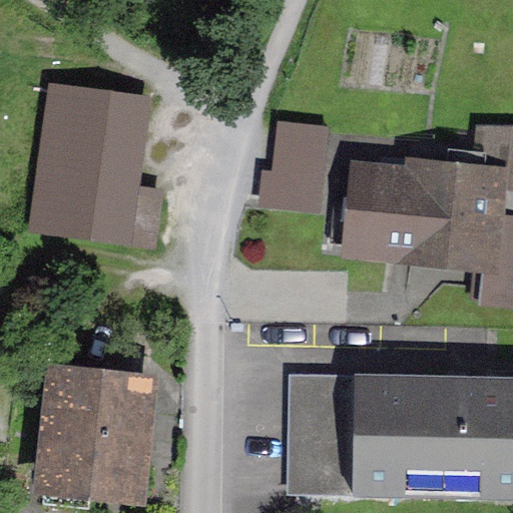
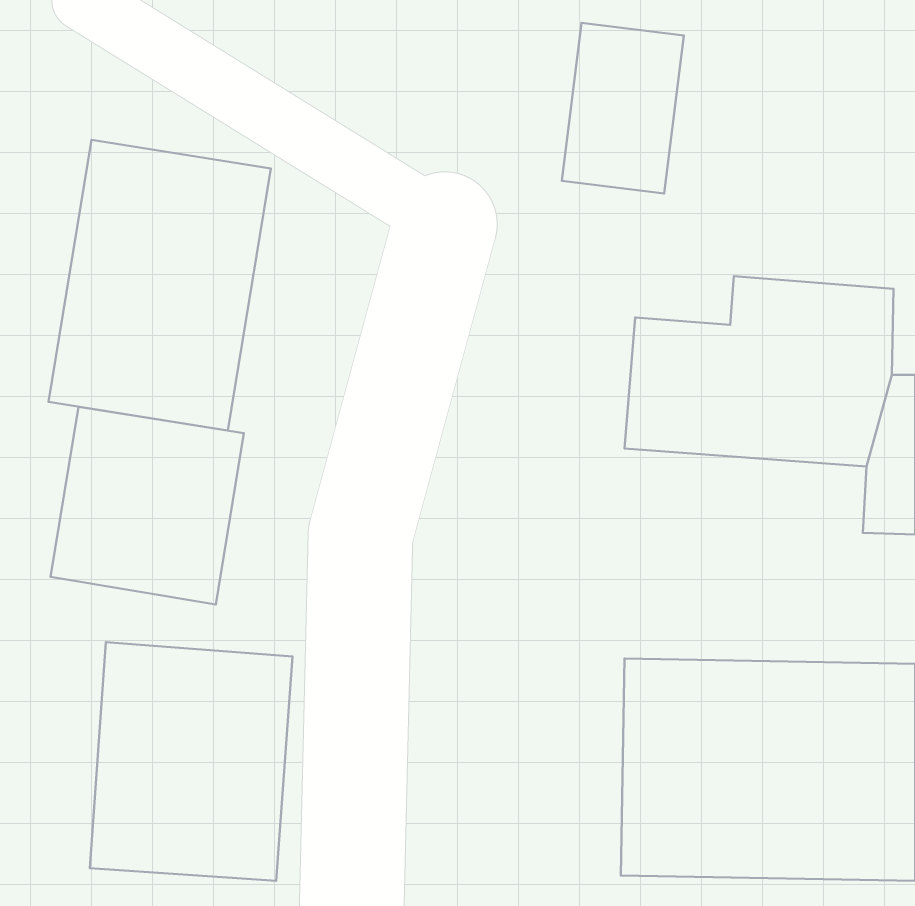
building: [265,118,333,213] -> [562,23,684,193]
building: none -> [50,407,244,605]
building: [283,373,349,495] -> none

